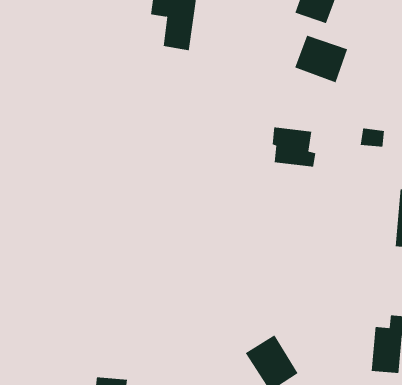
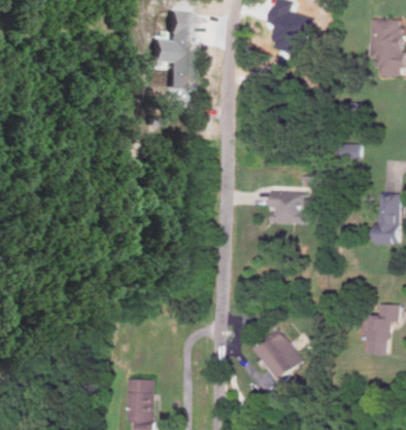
building: [295,35,348,83] -> none
building: [272,127,316,167] -> [268,191,307,223]

